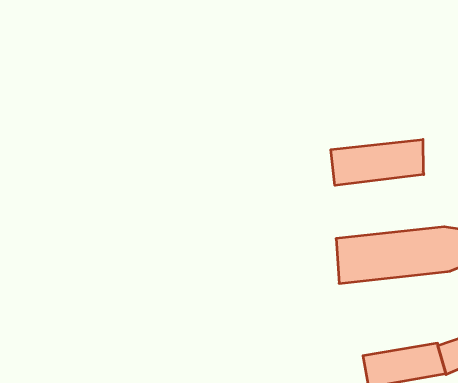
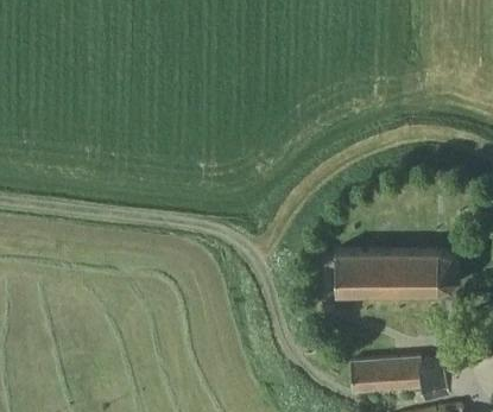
building: [331,139,424,185] -> none

